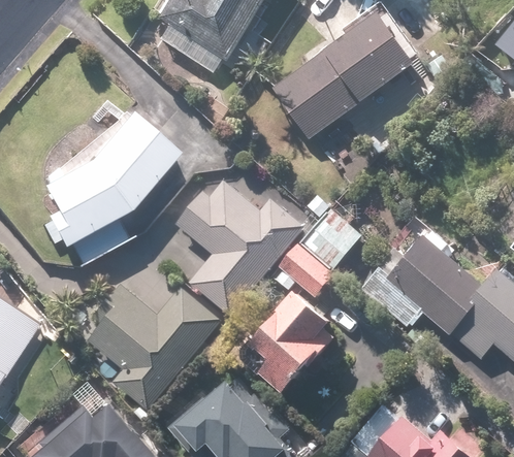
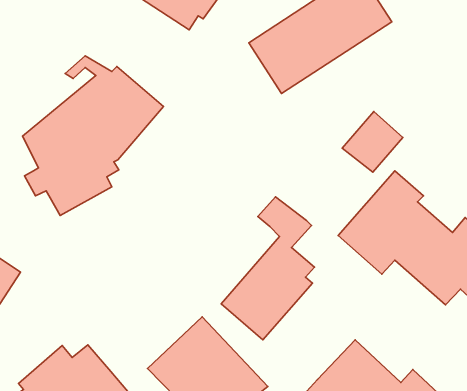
building: [176,178,302,316] -> none
building: [300,208,363,271] -> [342,112,403,172]
building: [89,281,222,410] -> none

